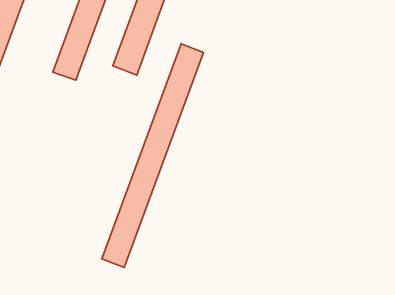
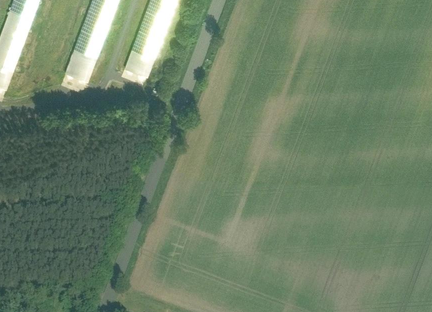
building: [102,44,203,267] -> none

